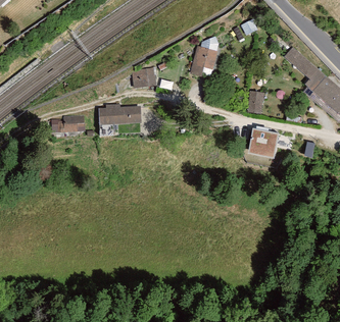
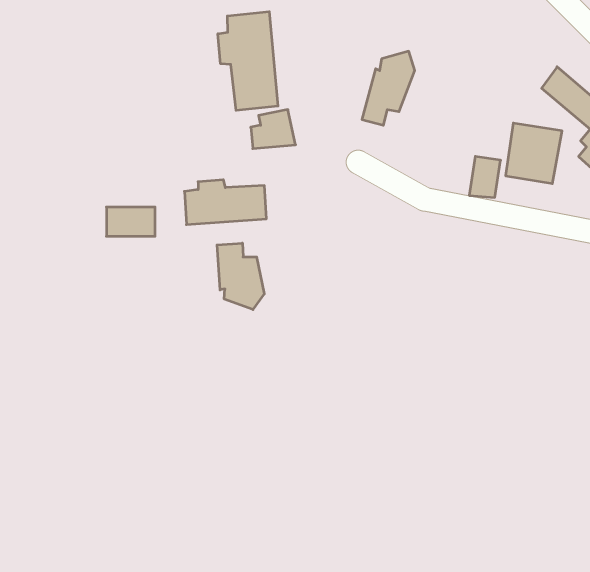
building: none -> [218,12,278,110]
building: [248,130,278,162] -> [506,123,562,184]
building: none -> [217,243,264,310]

